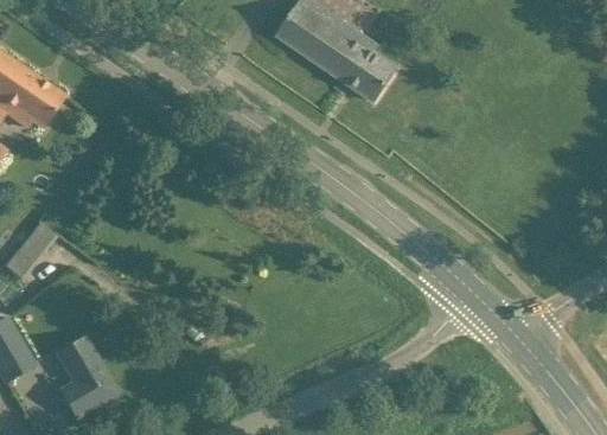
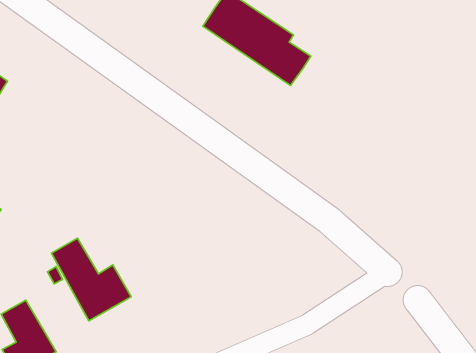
building: none -> [51,238,131,321]

